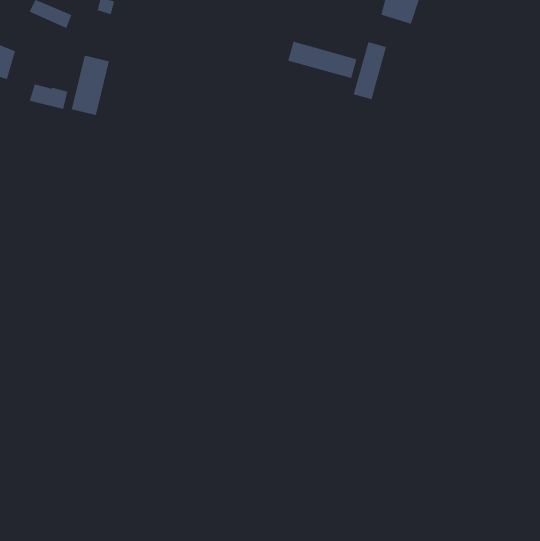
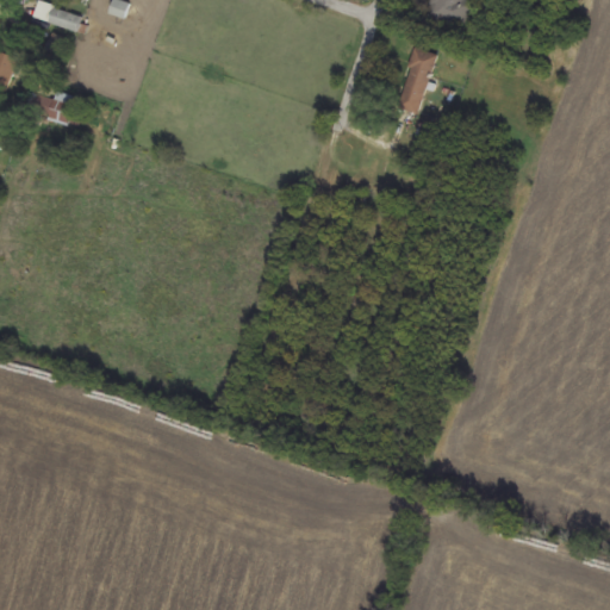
building: [288,41,357,79] -> none
building: [71,55,109,116] -> none

